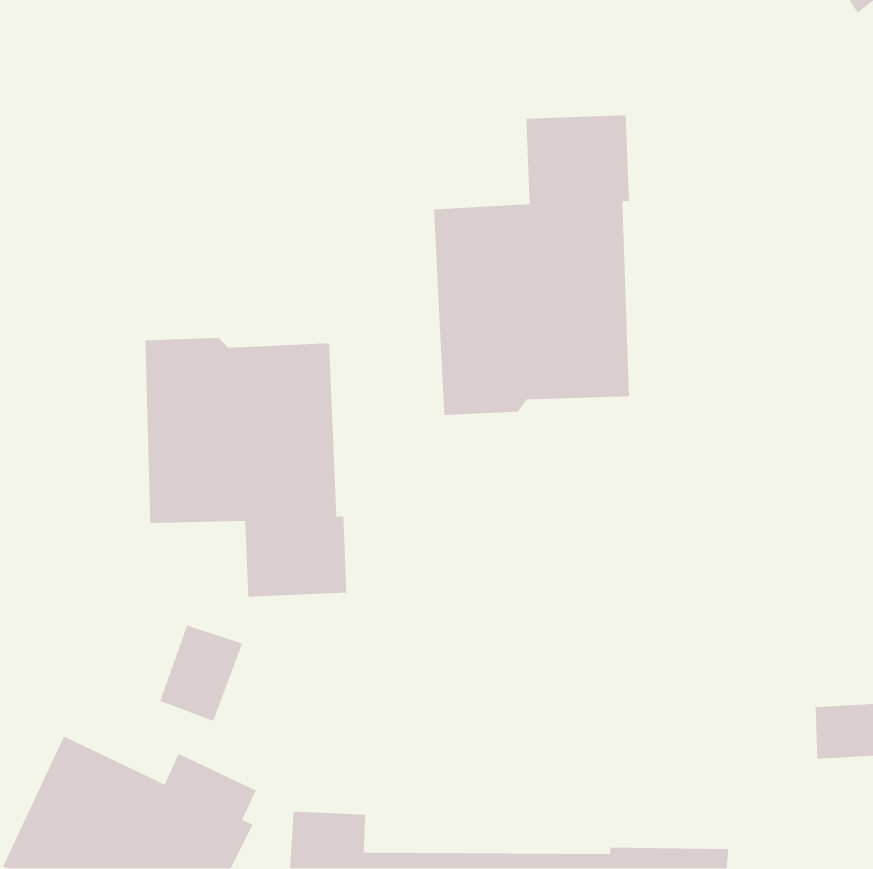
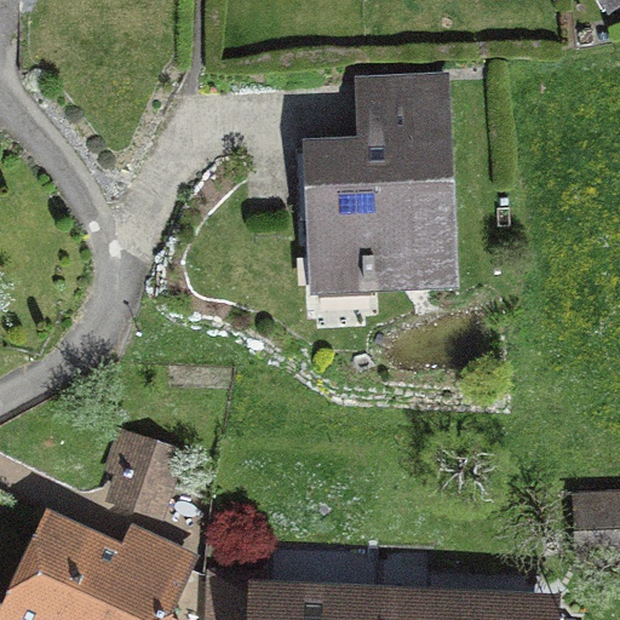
building: [144,337,347,598] -> none

